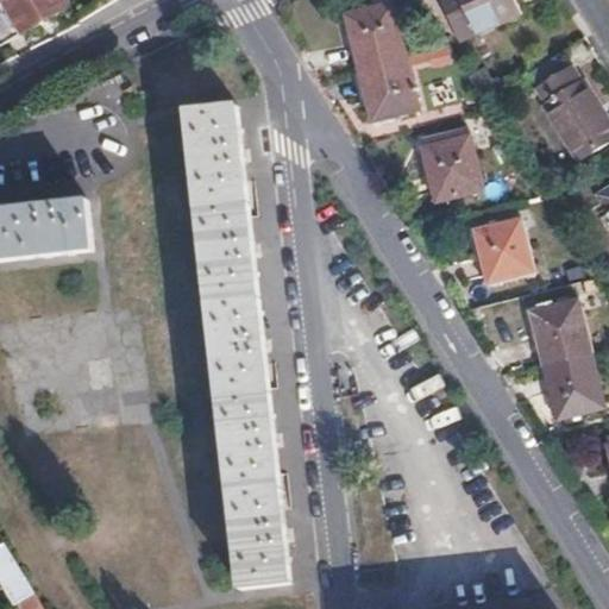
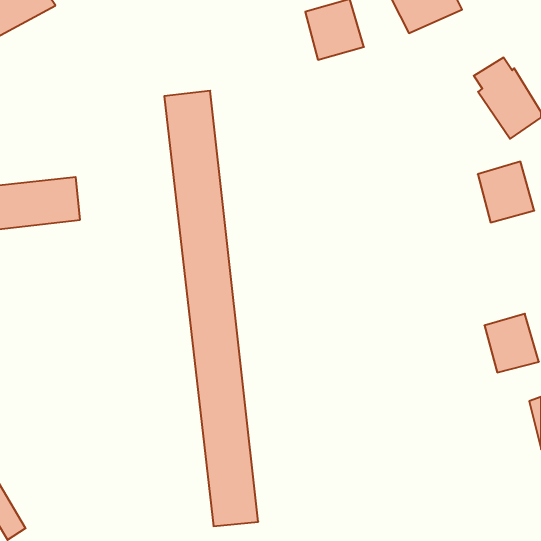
building: [354,52,420,119] -> none
building: [419,134,481,200] -> none
building: [470,215,533,283] -> [478,162,534,222]
building: [526,297,585,363] -> none

